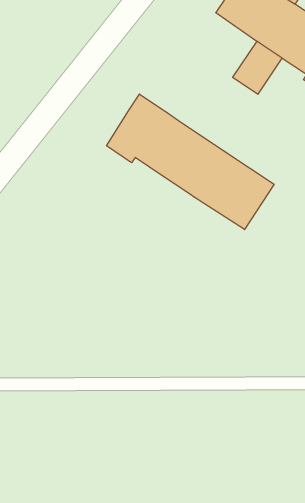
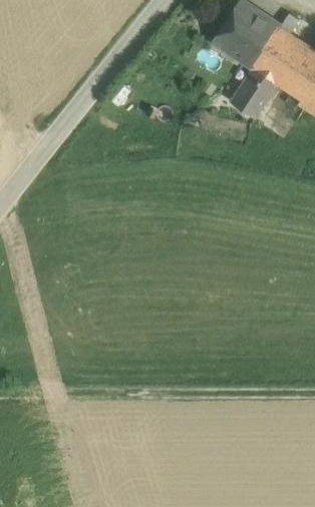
building: [107,94,274,230] -> none

